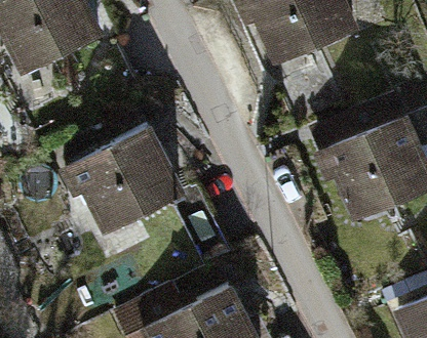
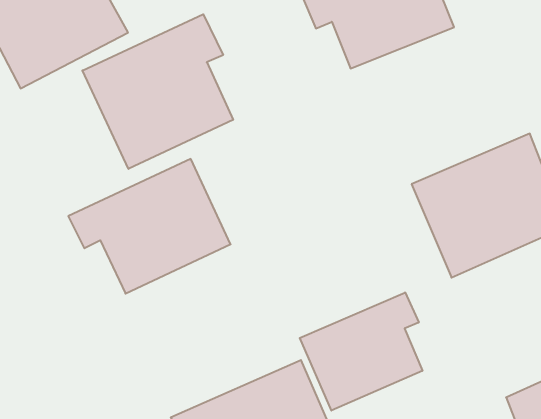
building: none -> [82,14,233,169]
building: none -> [300,292,422,411]

